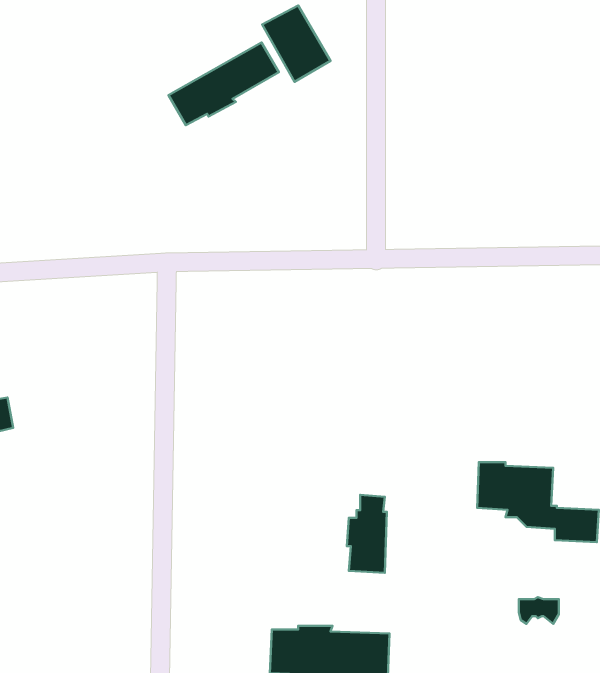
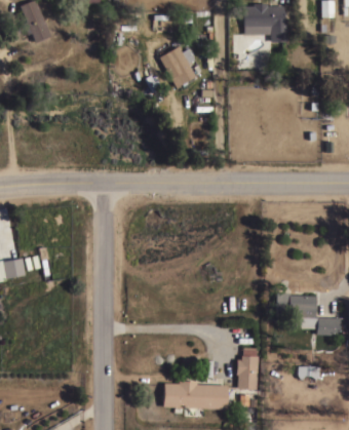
building: [168,42,279,125] -> none
building: [347,495,387,573] -> [237,347,259,389]

